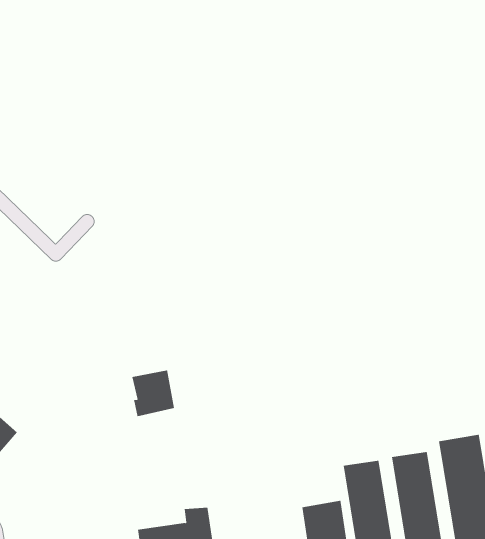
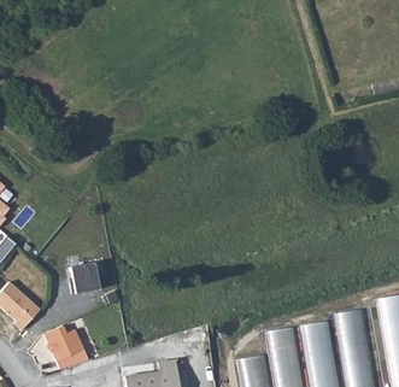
building: [132,370,175,417] -> [69,263,99,295]
building: none -> [46,326,89,369]

